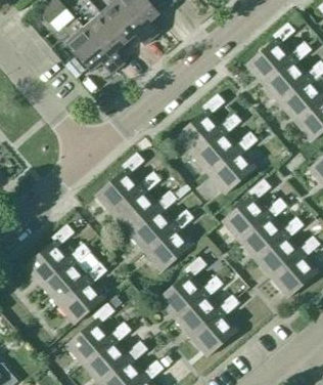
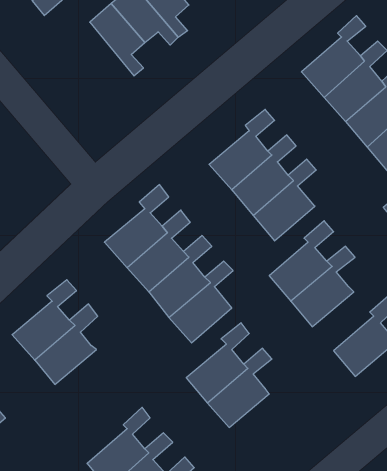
building: [66,29,118,76] -> none
building: [253,218,303,280] -> none
building: [57,263,106,325] -> none
building: [190,296,239,357] -> none
building: [65,304,113,366] -> none

